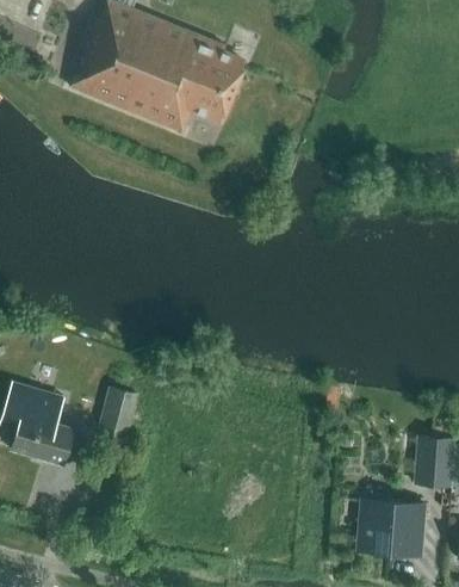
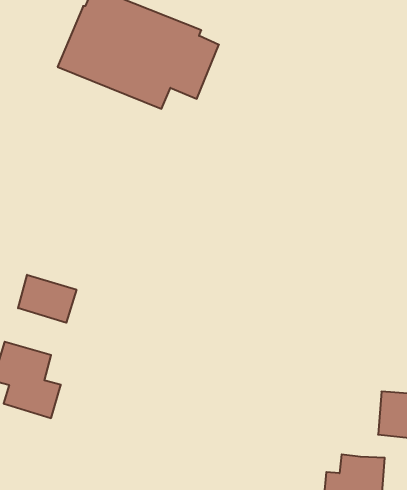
building: none -> [18,275,76,323]
building: [97,387,137,440] -> none

